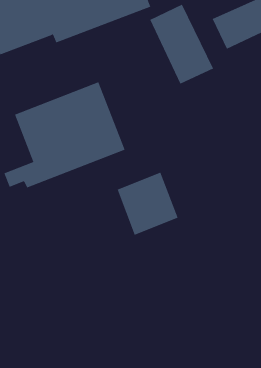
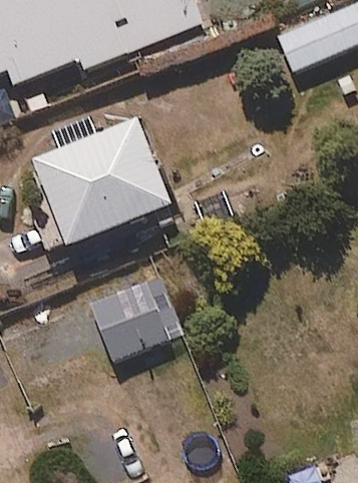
building: [150,4,214,84] -> none
building: [117,172,178,235] -> [94,281,171,360]

